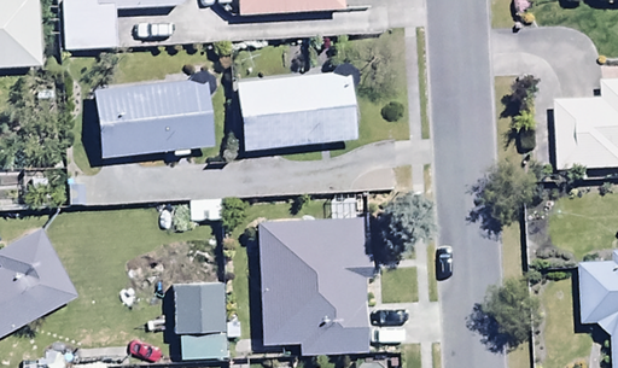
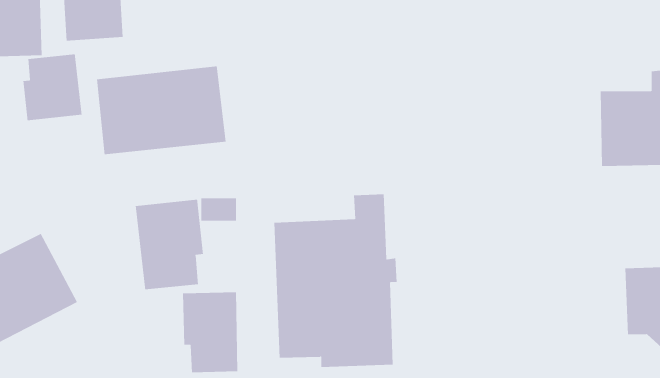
building: none -> [23,54,82,121]
building: [235,69,358,151] -> none
building: none -> [135,199,203,290]

